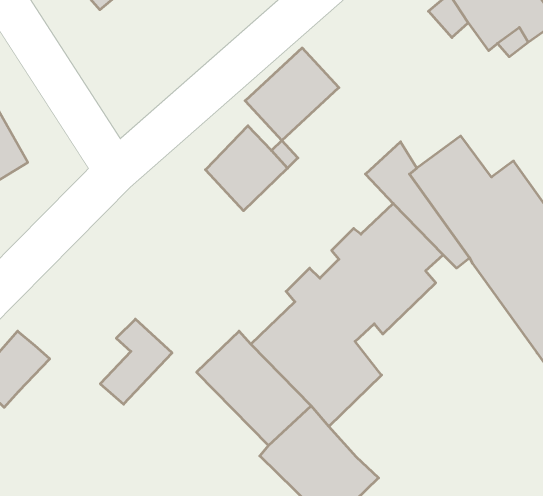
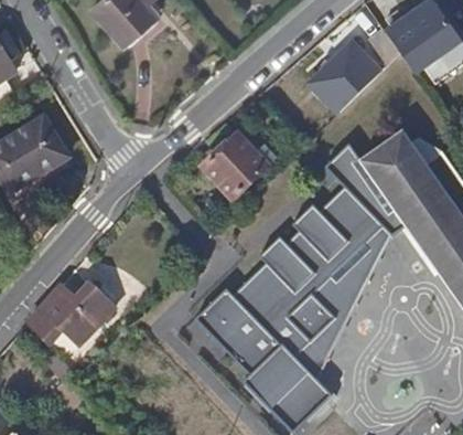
building: [245,48,339,140] -> [309,41,379,110]
building: none -> [294,226,390,379]
building: [100,319,172,404] -> [62,280,116,344]

